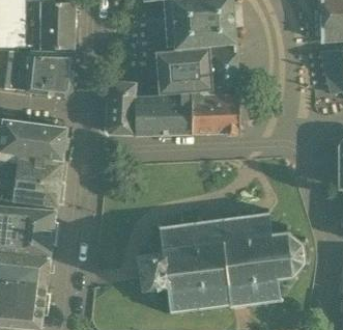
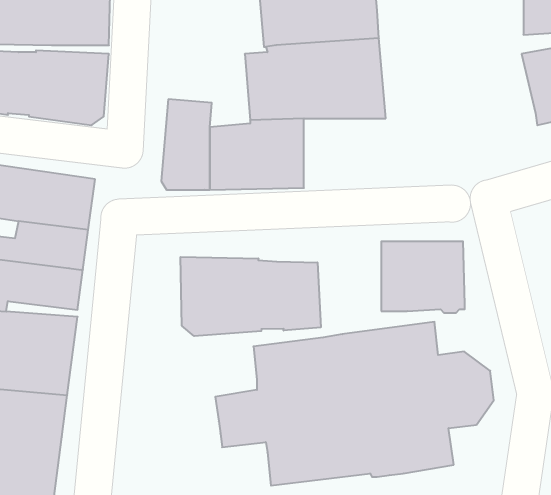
building: [190,91,239,134] -> [381,241,465,313]
building: none -> [181,257,321,336]

